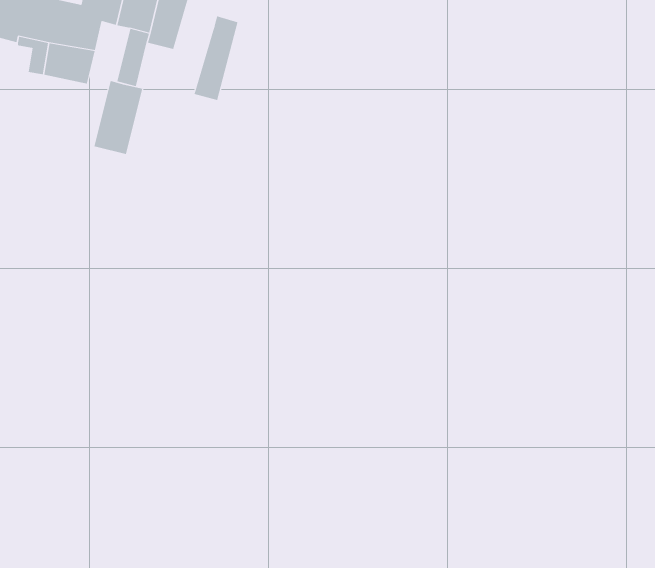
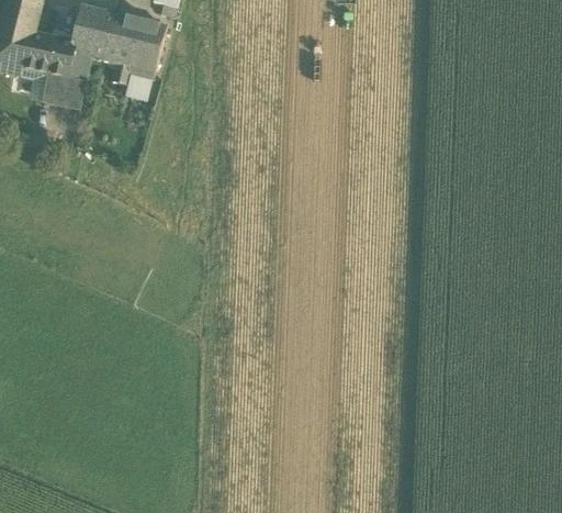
building: [194,15,238,101] -> none
building: [94,80,143,155] -> none

